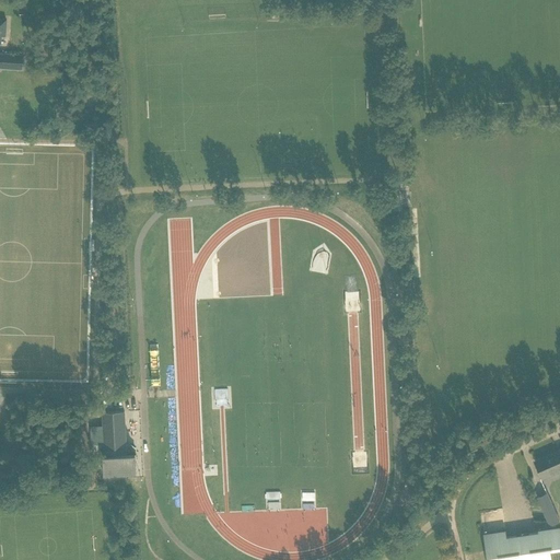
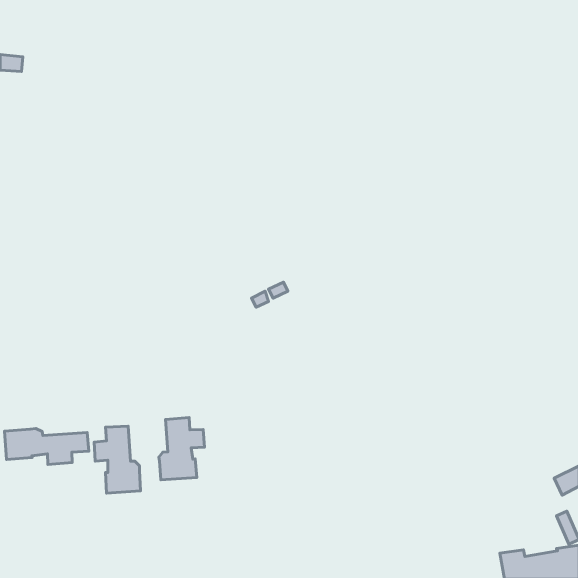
building: none -> [159,417,204,480]
building: none -> [5,428,89,464]

